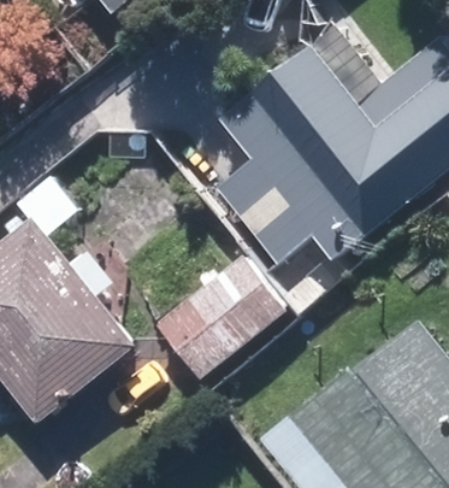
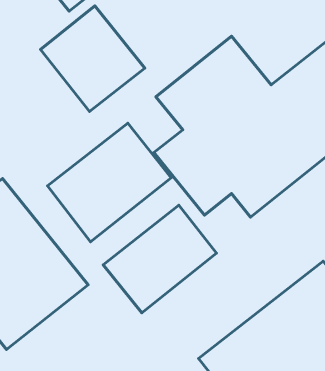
building: none -> [40,6,145,112]
building: none -> [47,123,171,242]

